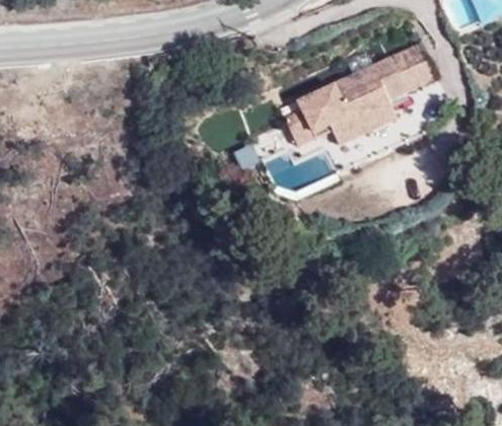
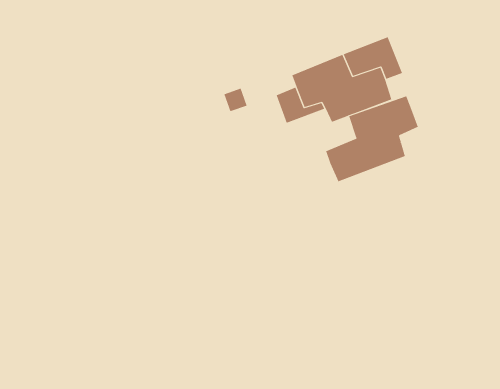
building: [379,63,424,112] -> none
building: none -> [325,95,418,182]

